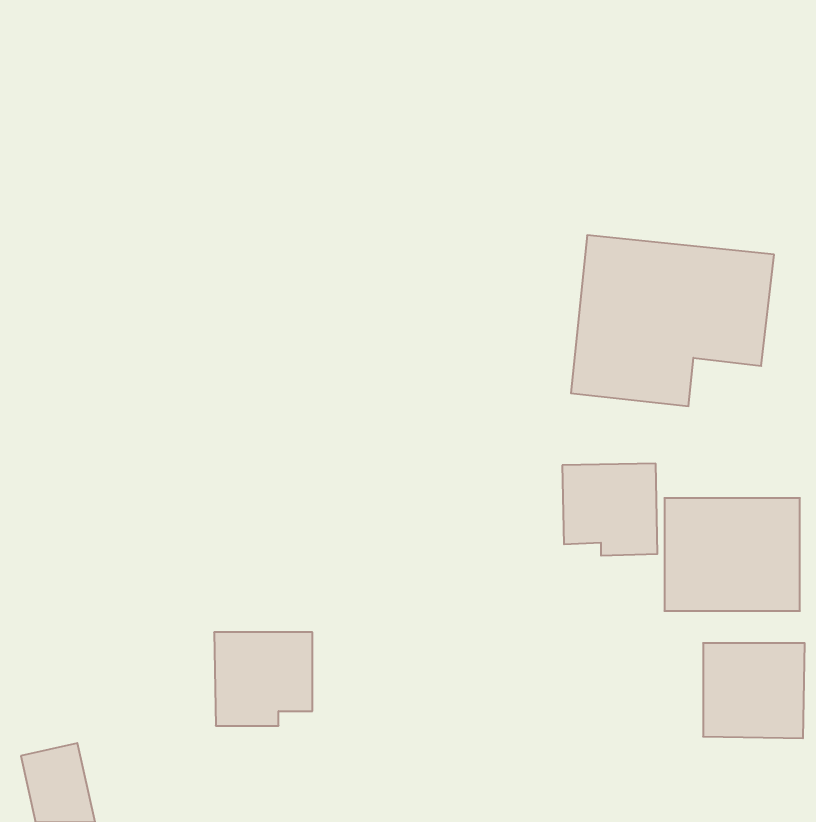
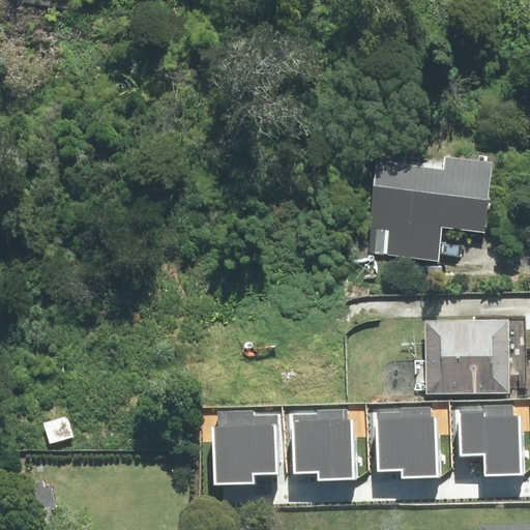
building: [562,464,657,556] -> [376,414,437,473]
building: [214,632,312,726] -> [213,420,276,480]
building: none -> [292,416,355,476]

